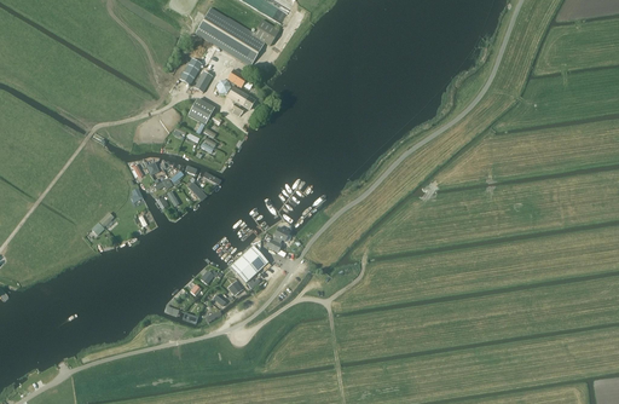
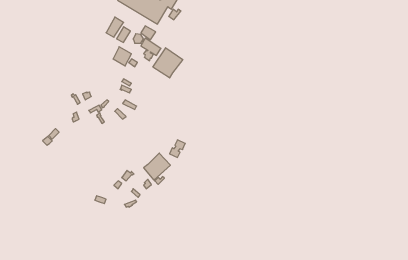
building: none -> [153,48,183,78]

